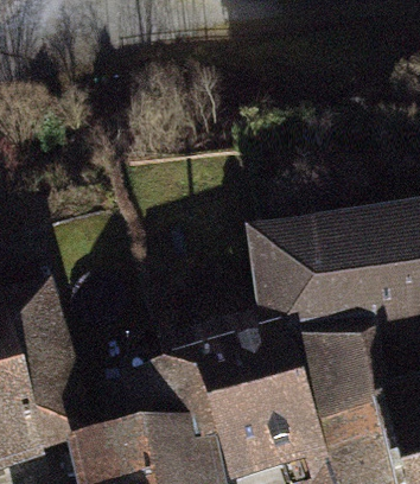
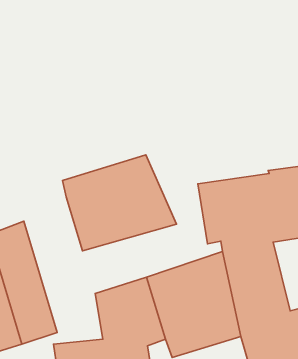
building: none -> [62,155,177,251]

